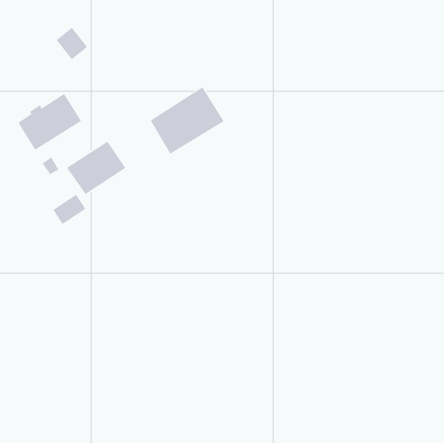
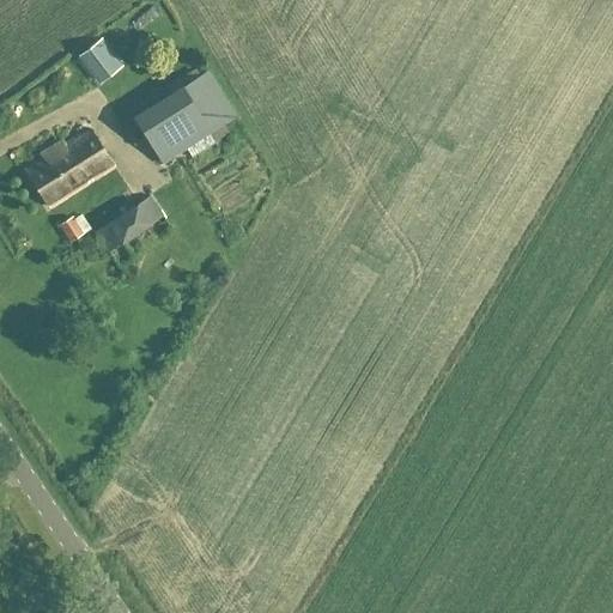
building: [150,86,225,154] -> [134,69,237,163]
building: [52,194,86,225] -> none

